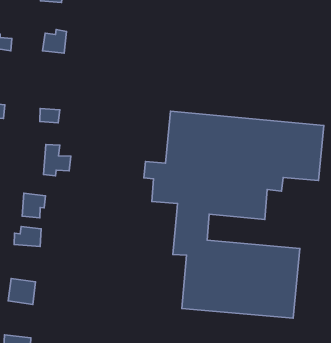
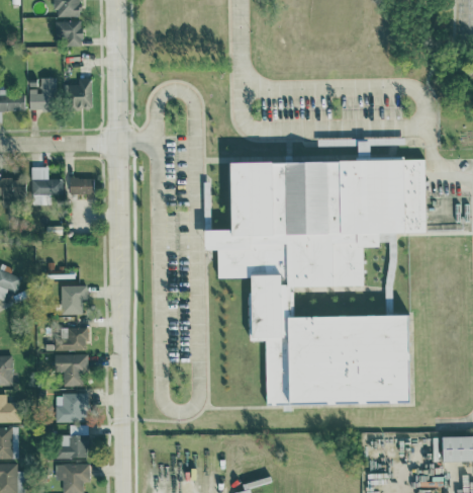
building: none -> [29,77,56,108]
building: [44,145,71,176] -> [30,166,63,204]
building: none -> [54,353,88,386]
building: none -> [56,424,88,459]

